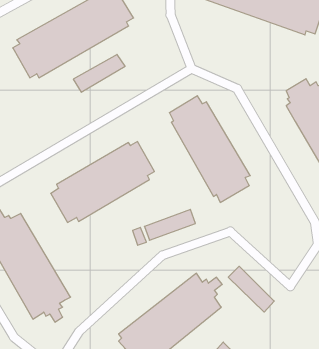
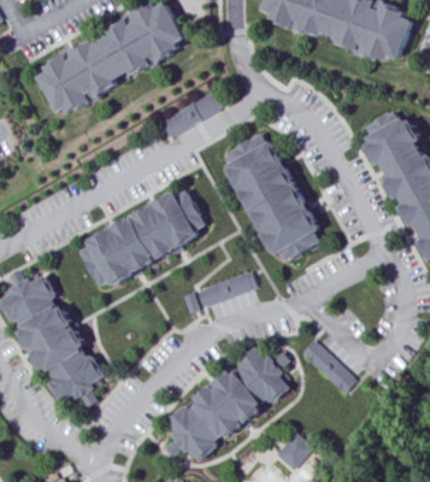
building: [73,54,125,92] -> [155,92,218,137]

